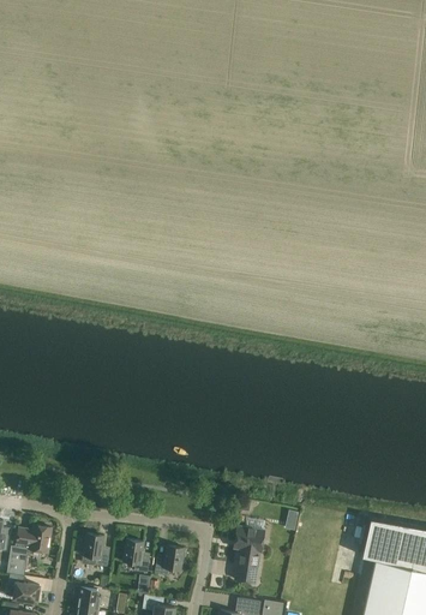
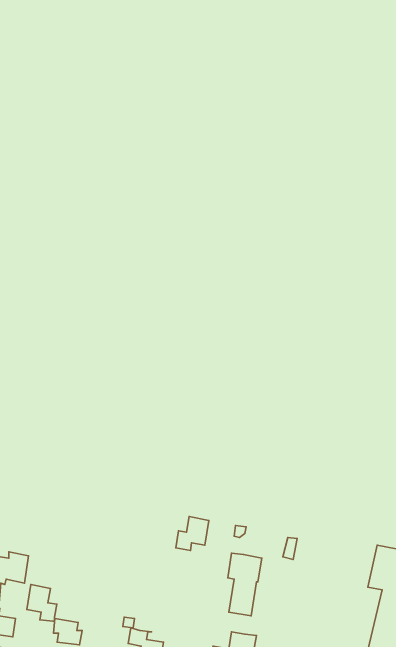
building: [82,533,109,567] -> [27,585,57,621]
building: [121,539,149,573] -> none
building: [154,545,184,577] -> [176,516,209,551]

